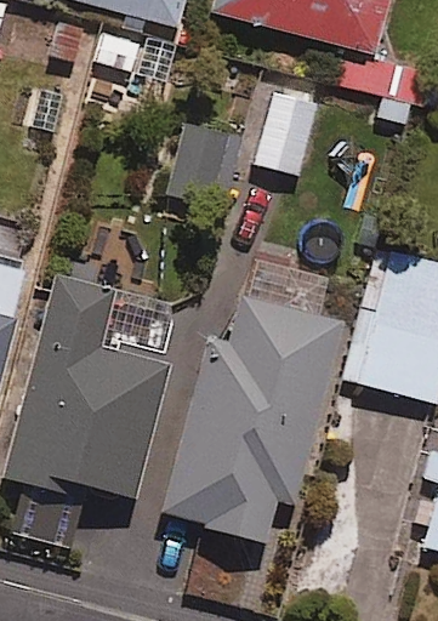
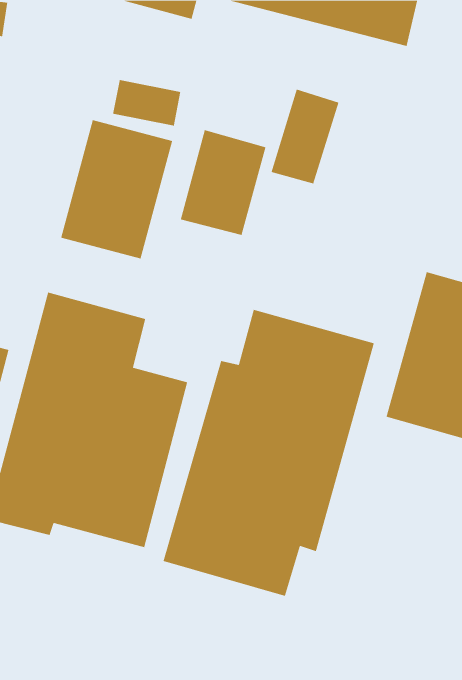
building: none -> [60,119,173,260]

